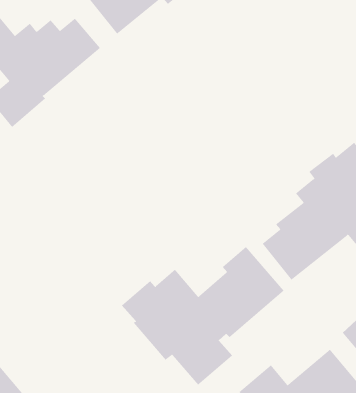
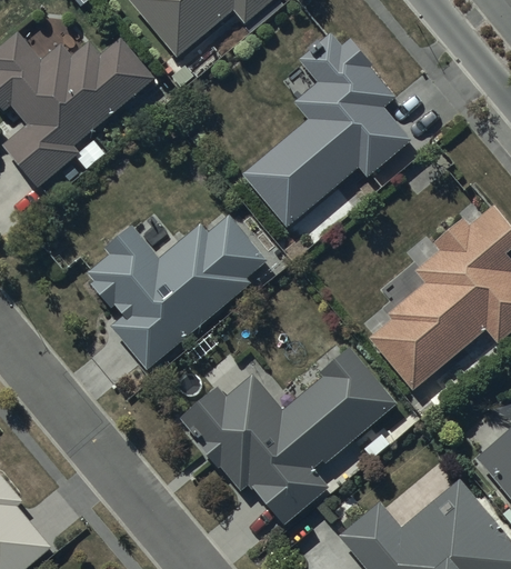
building: none -> [241,31,408,230]
building: none -> [84,216,269,373]

